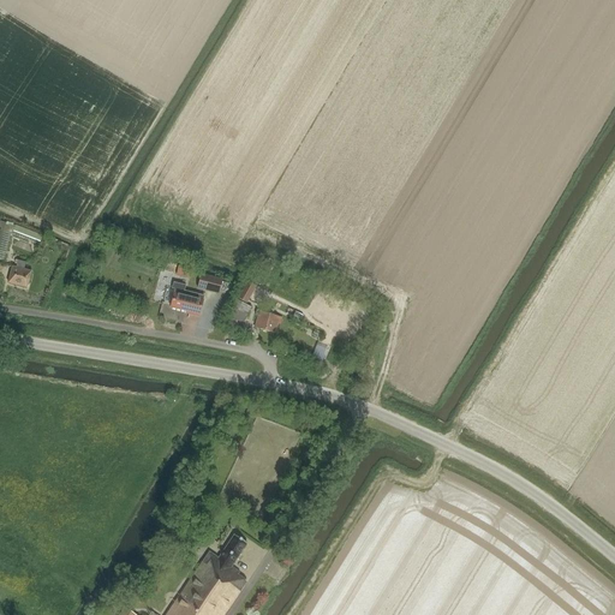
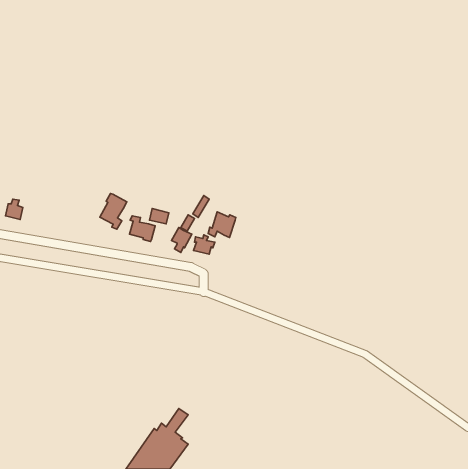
building: none -> [100,194,127,229]
building: none -> [208,212,236,237]

